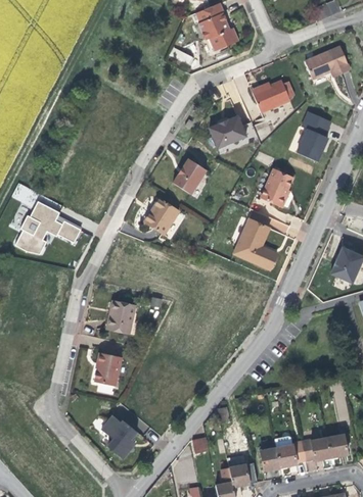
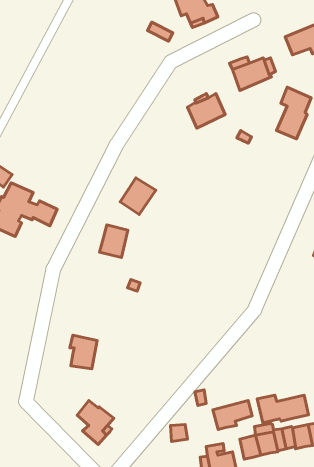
building: [172,160,206,196] -> none
building: [258,167,294,207] -> none
building: [233,219,276,270] -> none
building: [106,302,134,334] -> [99,225,128,257]
building: none -> [257,395,308,423]
building: none -> [213,401,252,429]

